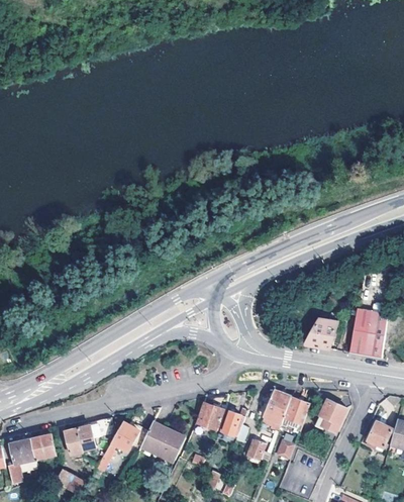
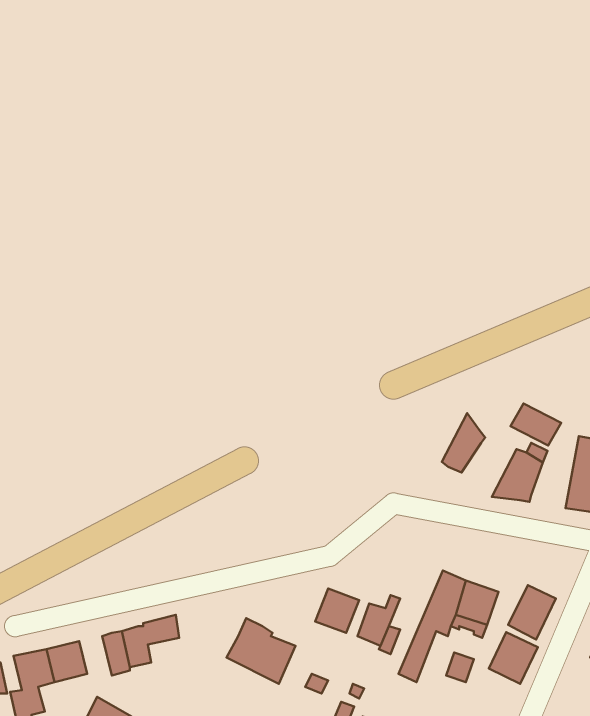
building: none -> [510,403,561,446]
building: none -> [442,413,485,472]
building: [95,422,148,471] -> none
building: none -> [489,632,538,684]

